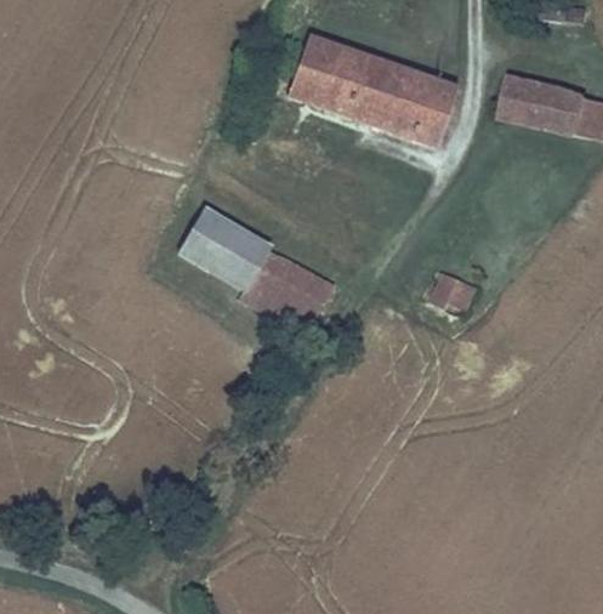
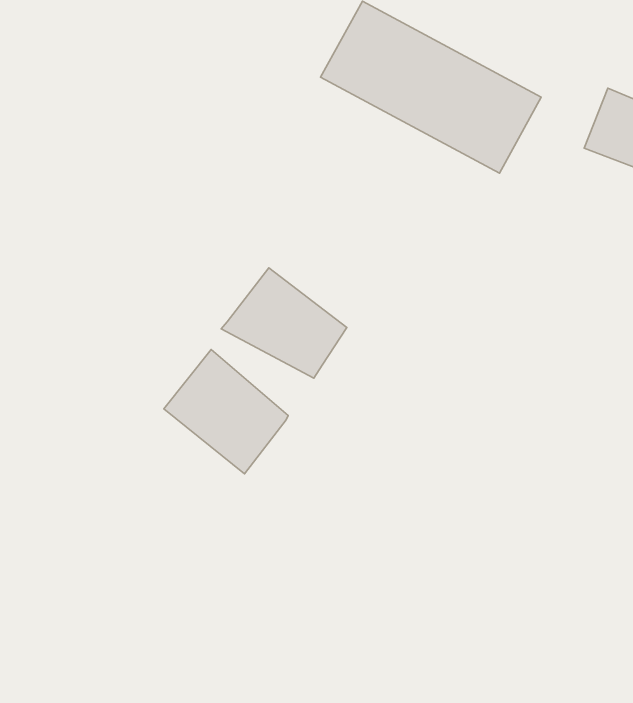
building: [176,203,272,294] -> [164,350,288,474]
building: [431,271,476,313] -> none

